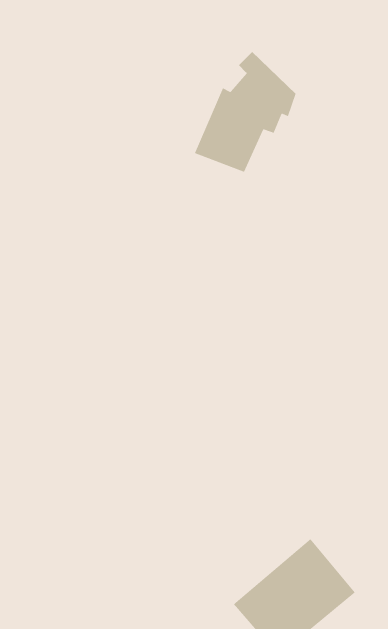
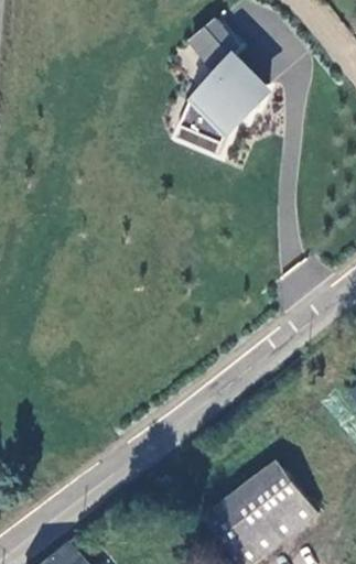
building: none -> [183,25,229,83]

